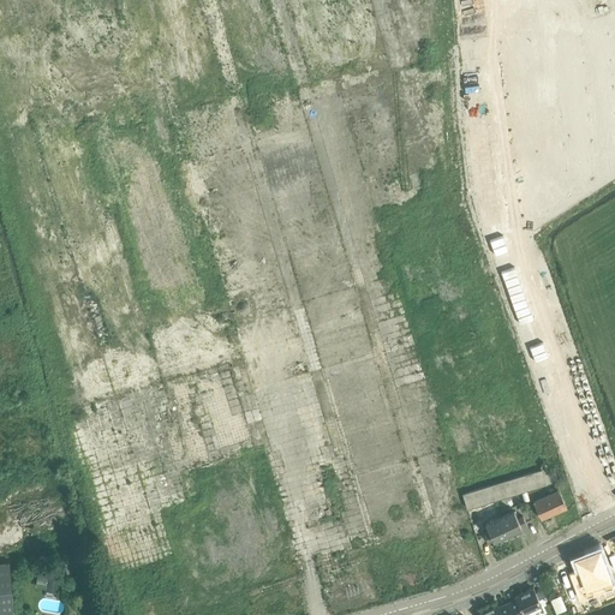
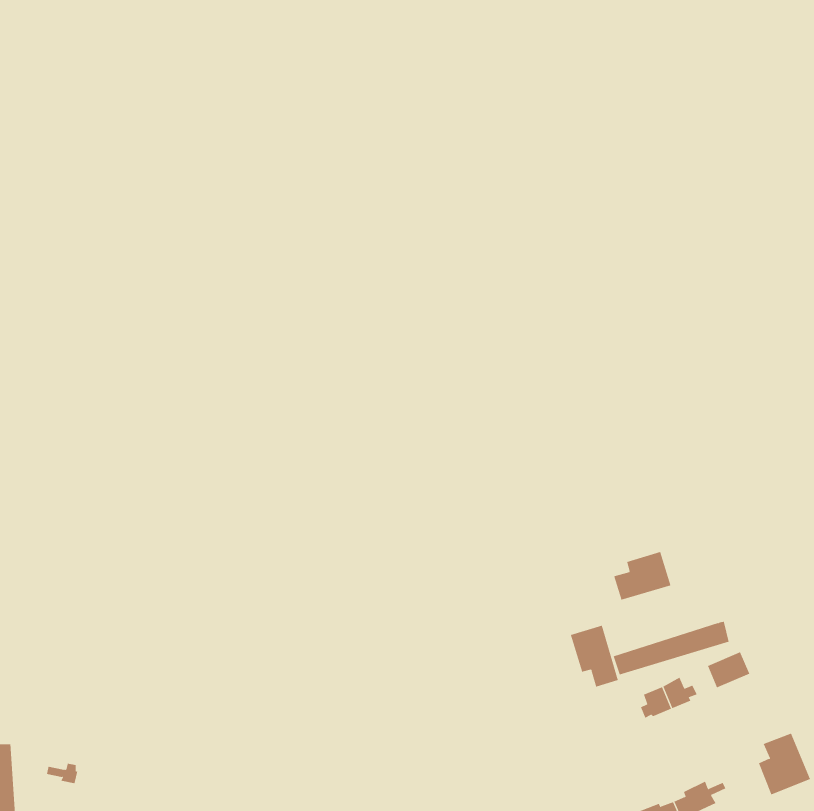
building: none -> [613,551,671,601]
building: none -> [570,625,619,688]

